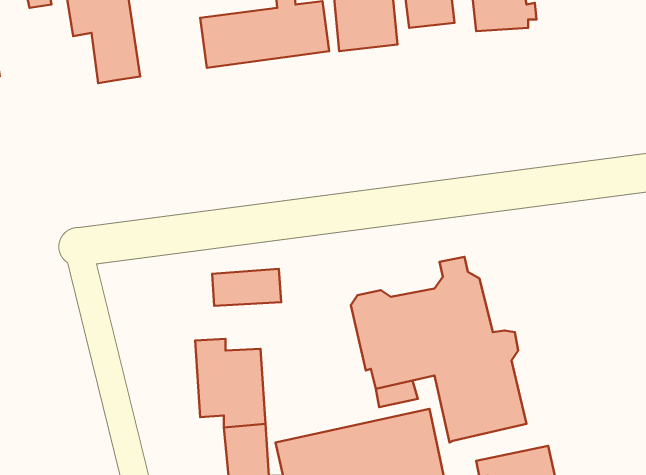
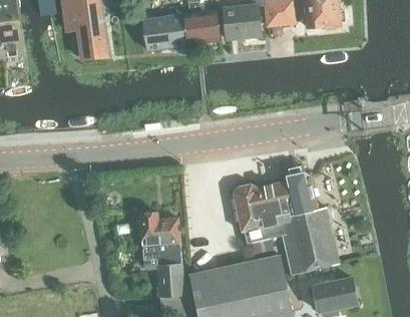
building: [212,269,281,306] -> none

